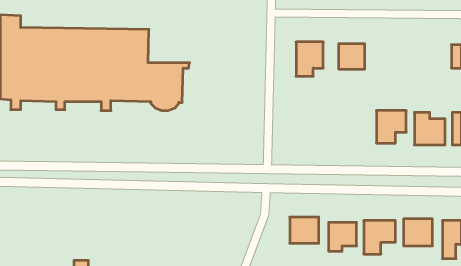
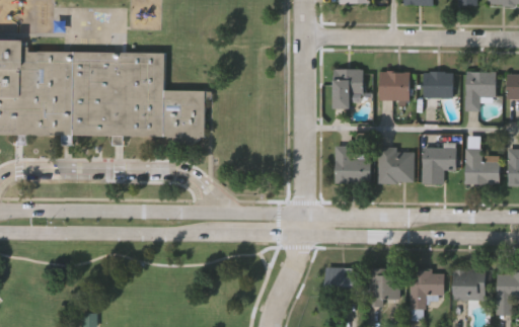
building: none -> [424,72,452,106]
building: none -> [465,72,497,111]
building: none -> [335,147,371,183]
building: none -> [379,148,414,183]

